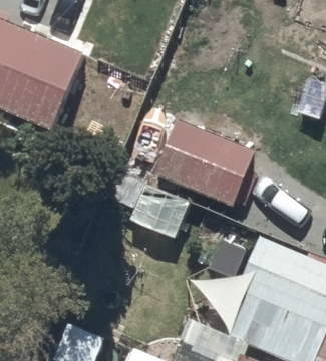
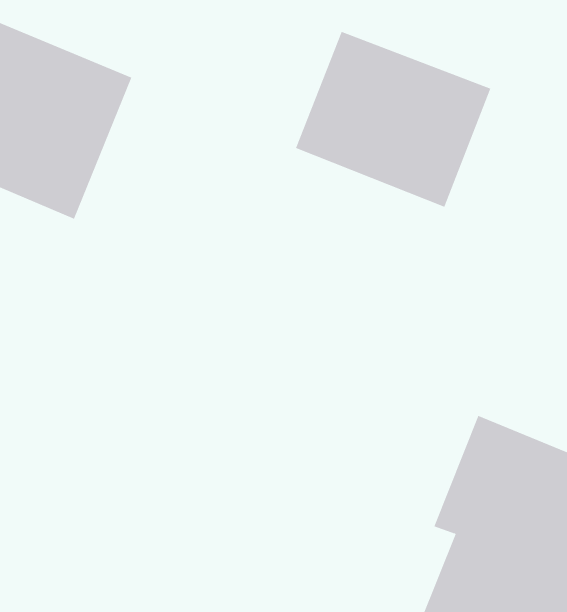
building: [153,113,256,206] -> [295,31,491,208]

